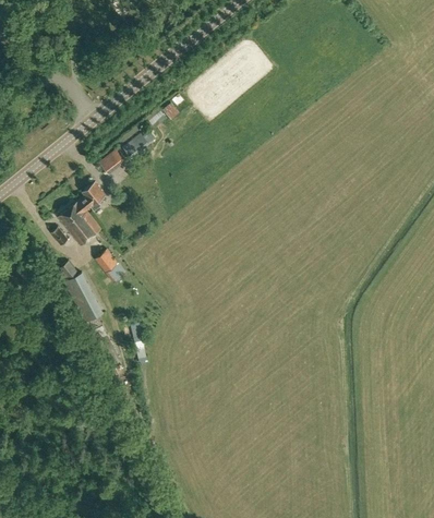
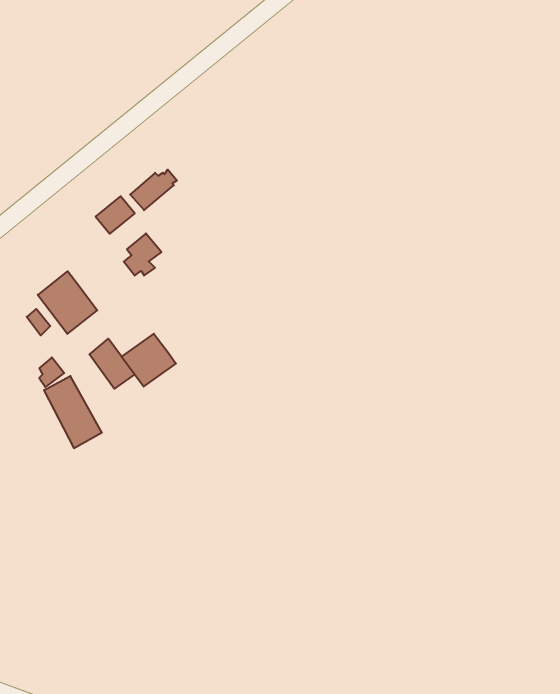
building: [79,181,105,210] -> [124,233,161,276]
building: none -> [122,334,176,387]

